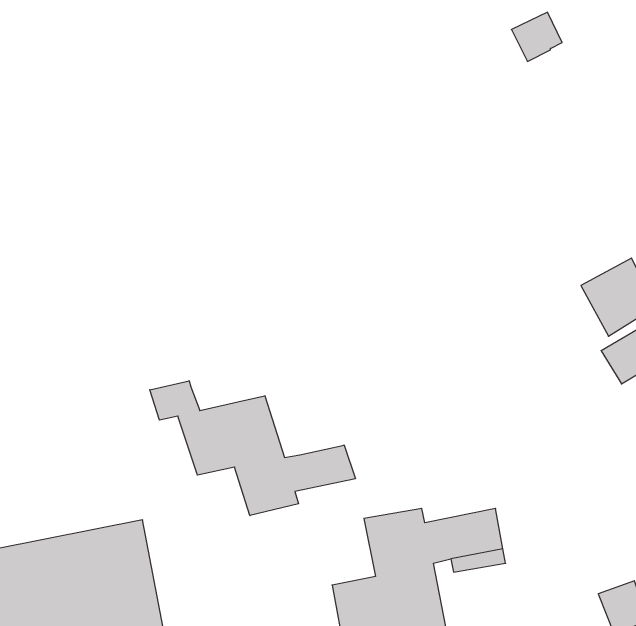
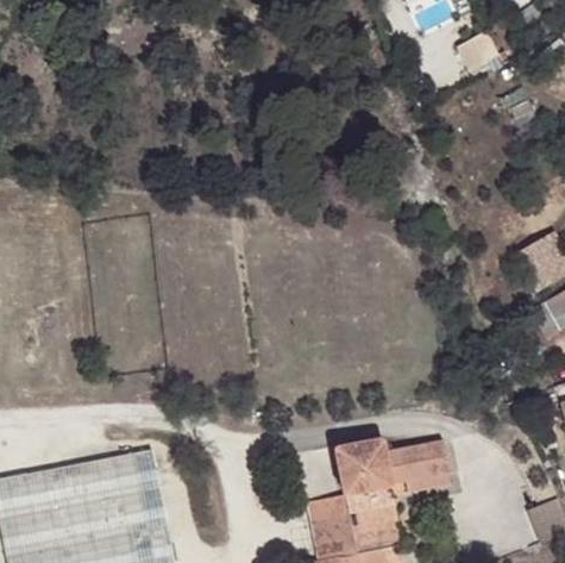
building: [150,381,355,516] -> none

